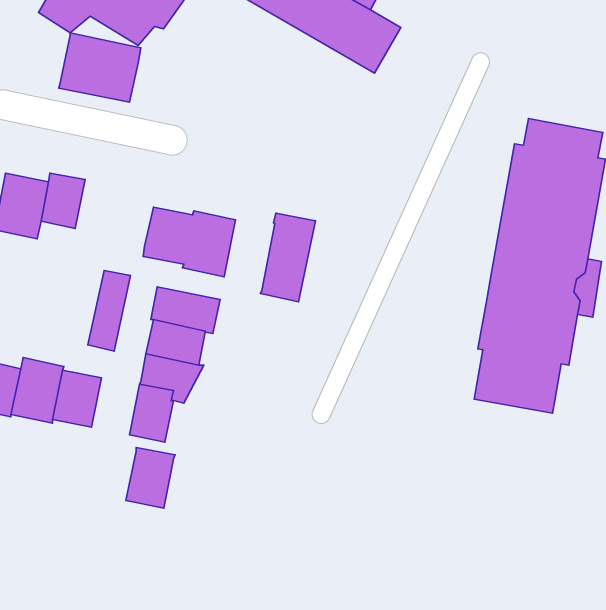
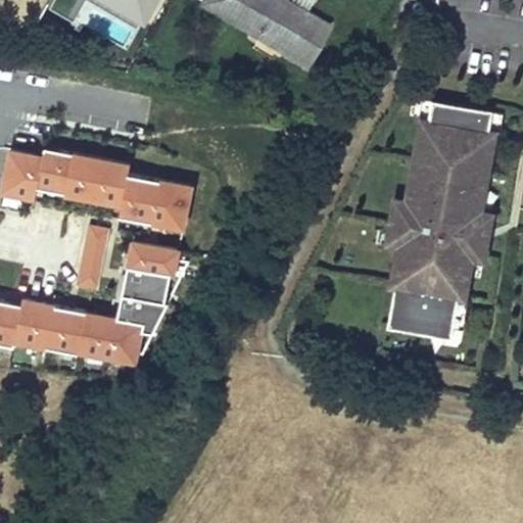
building: [59,33,141,102] -> [63,152,130,208]
building: [260,213,316,302] -> none
building: [126,447,175,508] -> [78,312,117,361]

